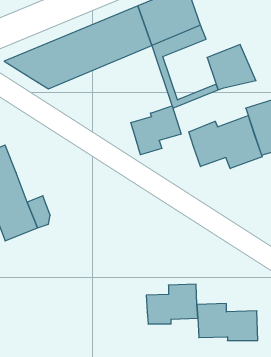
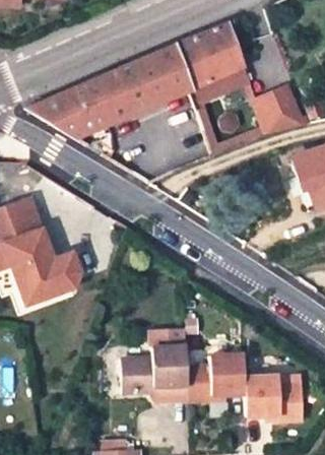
building: [131,106,181,155] -> none
building: [189,116,262,169] -> none
building: none -> [119,327,187,391]

